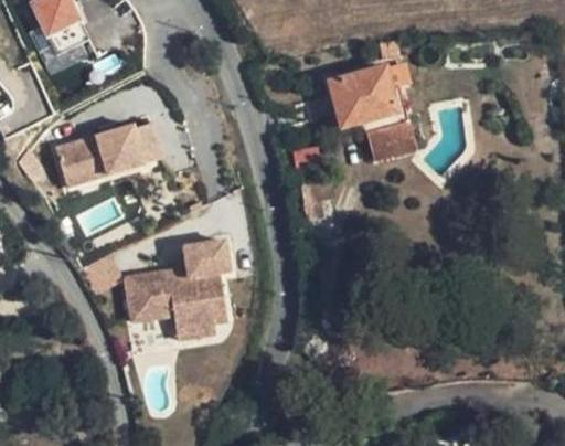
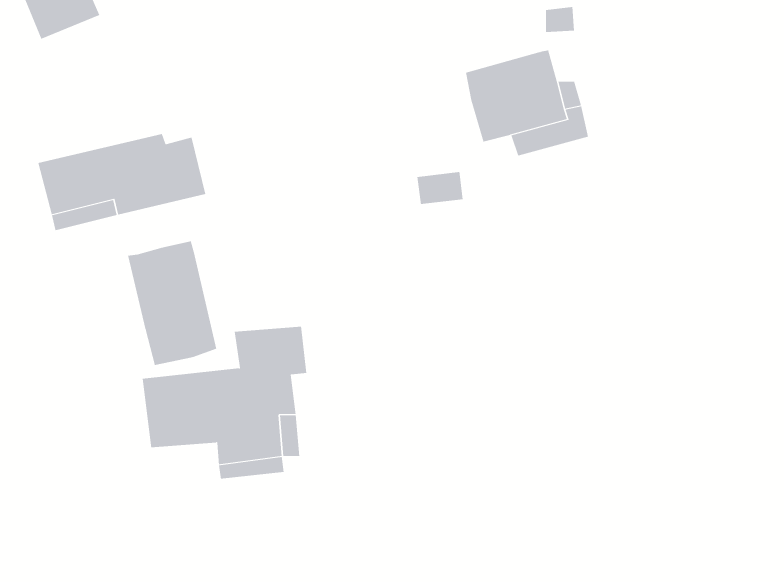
building: [362,125,412,161] -> none
building: none -> [128,240,217,366]

